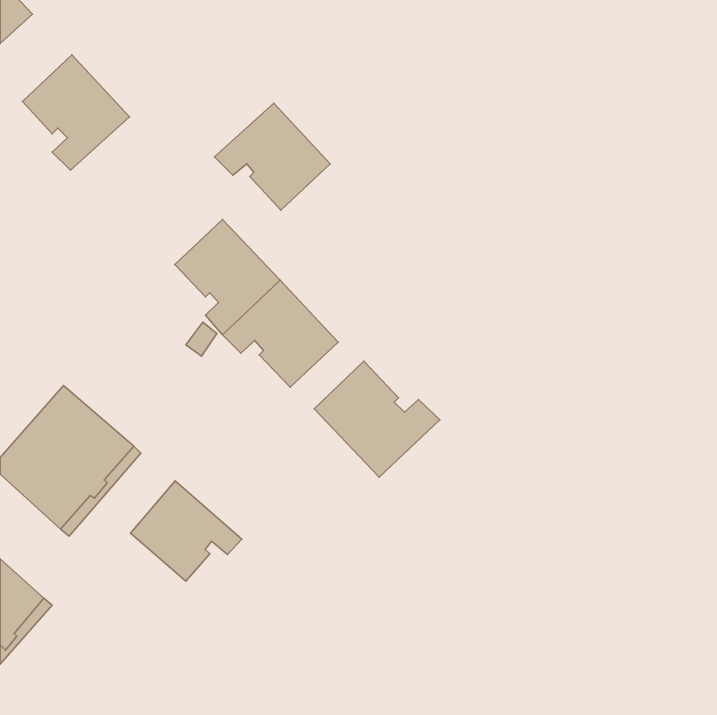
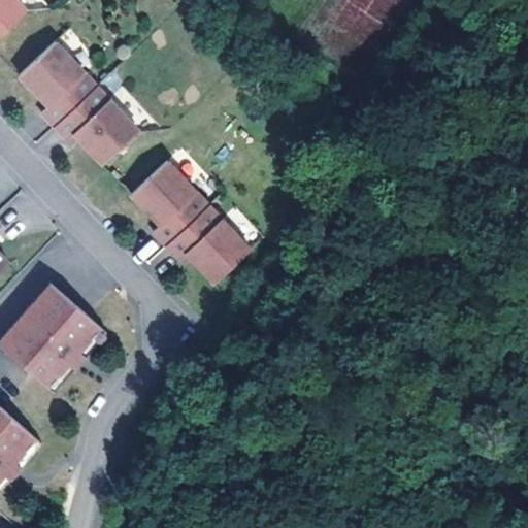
building: [215,103,330,210] -> [54,86,138,164]
building: [314,361,440,477] -> none
building: [131,481,242,581] -> none

